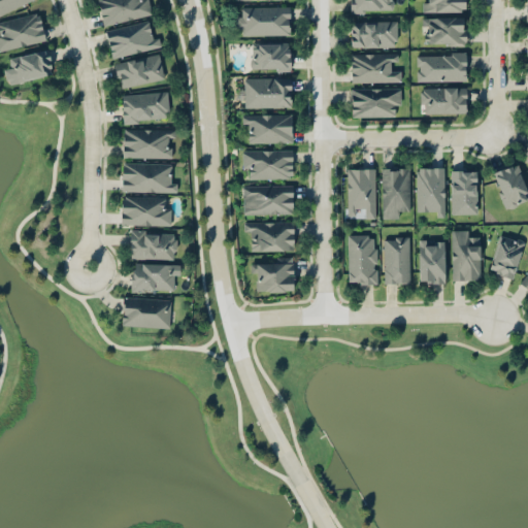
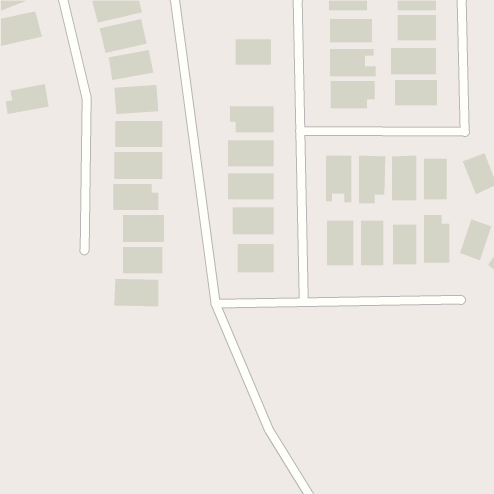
building: [237,7,291,36] -> none
building: [6,51,54,84] -> [5,84,49,115]
building: [238,78,293,108] -> none

